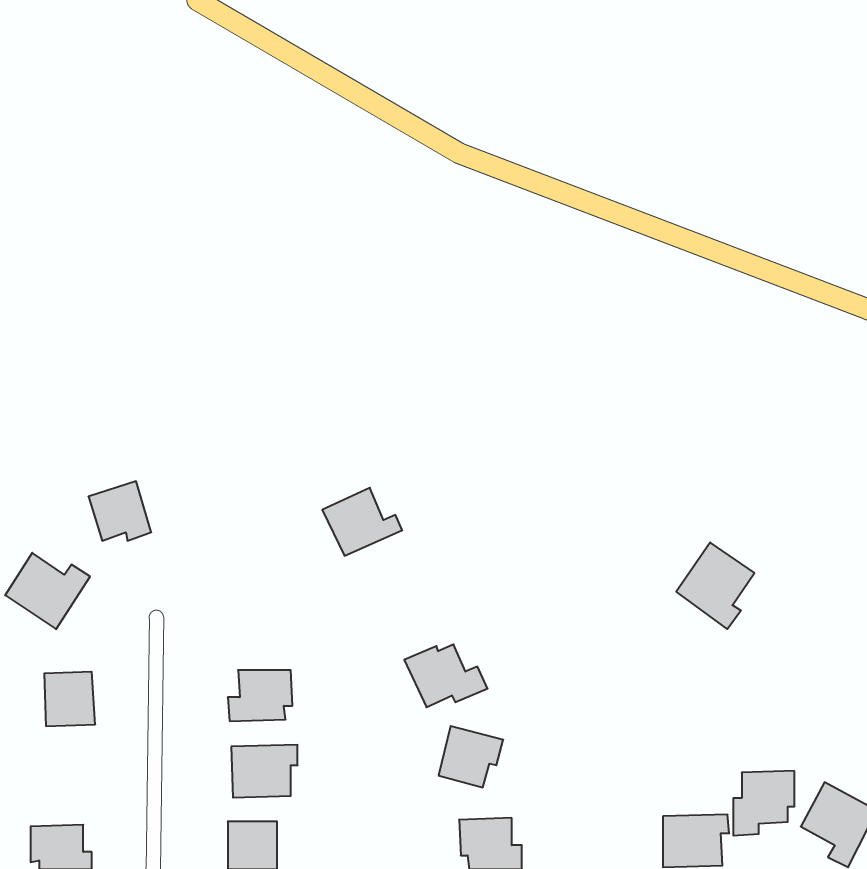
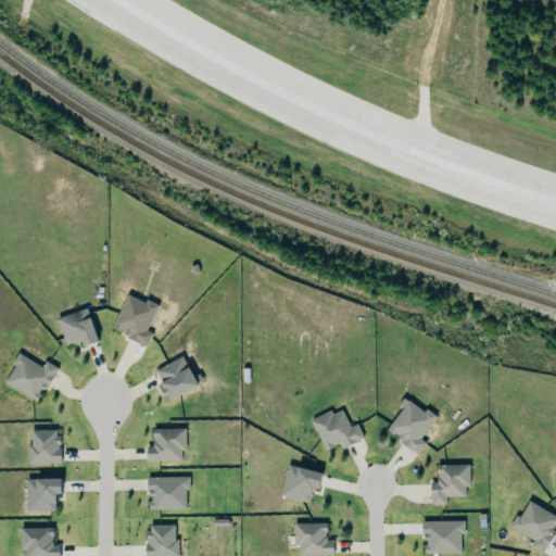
building: none -> [113,293,159,344]
building: [322,488,402,556] -> [154,356,205,400]
building: [676,542,754,629] -> [387,399,437,454]
building: [404,644,488,707] -> [312,409,365,450]
building: none -> [27,478,62,511]
building: [733,771,794,836] -> [432,464,471,505]

